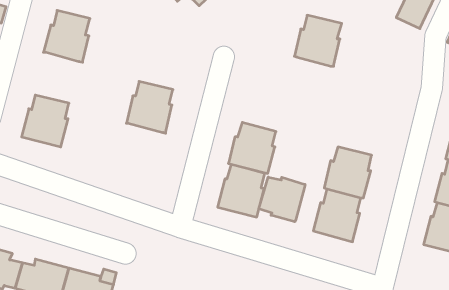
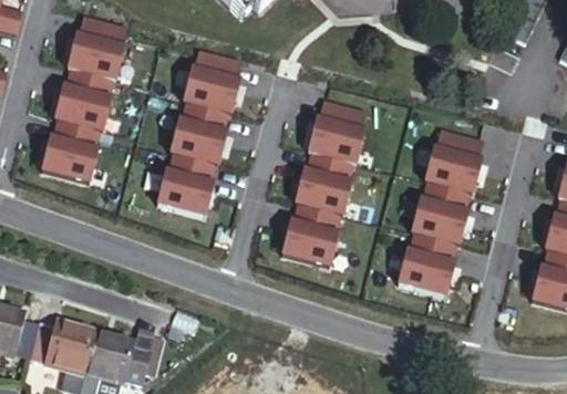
building: [294,15,342,66] -> [308,100,365,162]
building: none -> [184,49,240,112]
building: none -> [56,65,113,128]
building: none -> [424,129,482,191]
building: none -> [156,152,215,216]
building: [259,177,305,222] -> none

